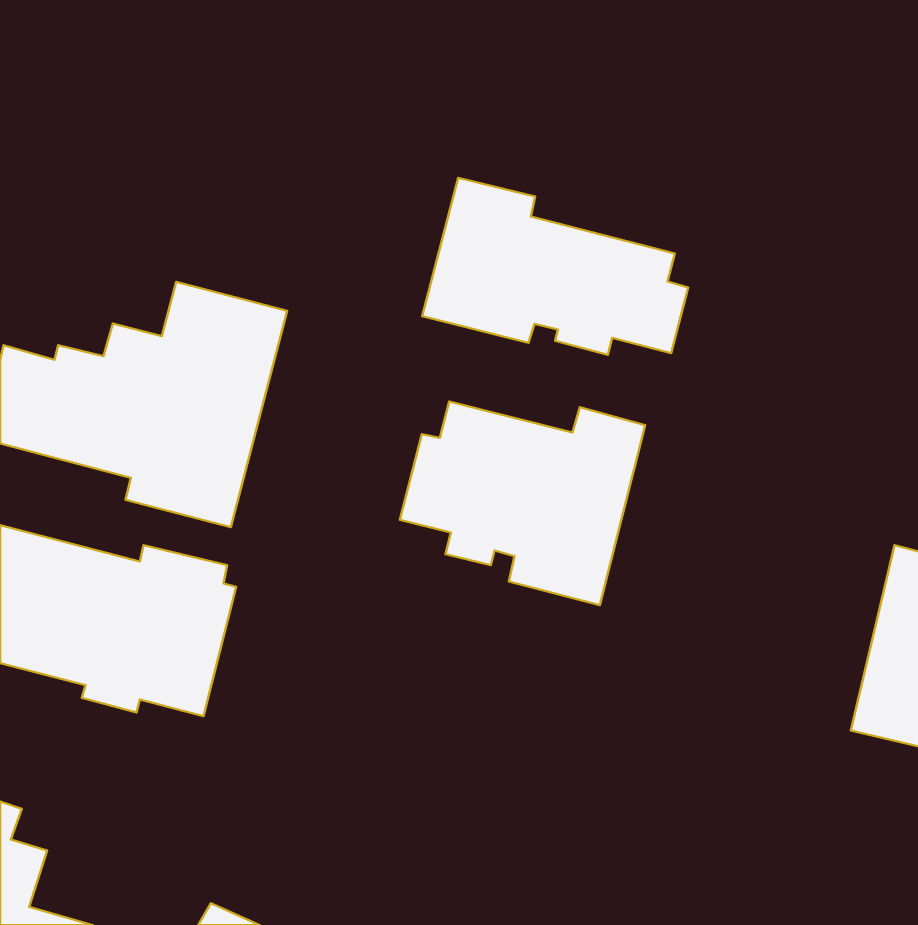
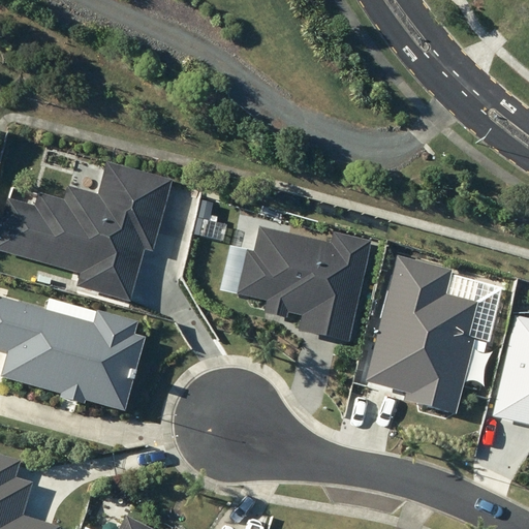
building: [422,178,688,355] -> none
building: none -> [365,254,486,416]

